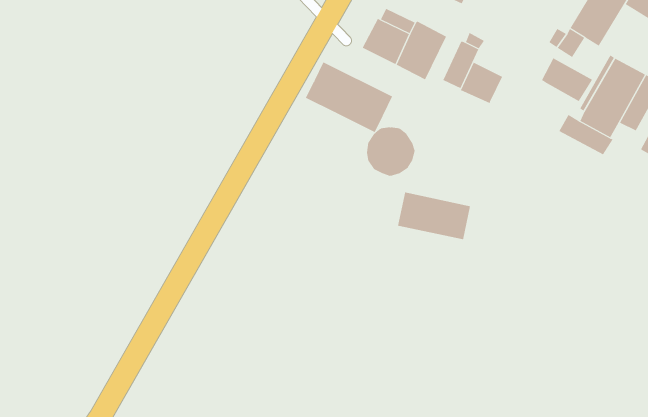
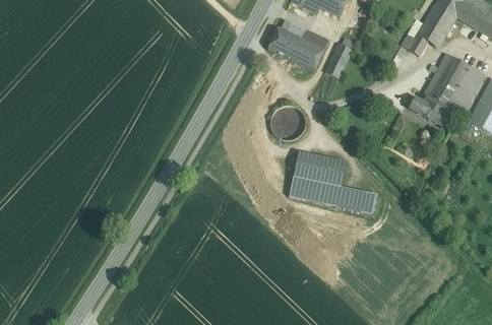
building: [541,57,593,102] -> none
building: [305,61,393,133] -> none
building: [460,62,503,104] -> none
building: none -> [289,176,376,213]

